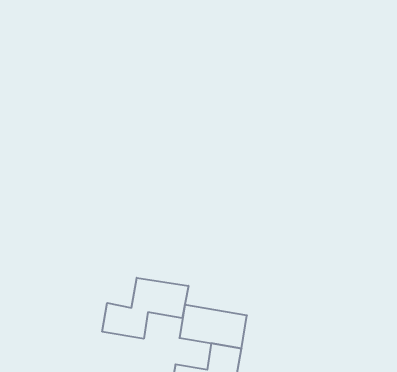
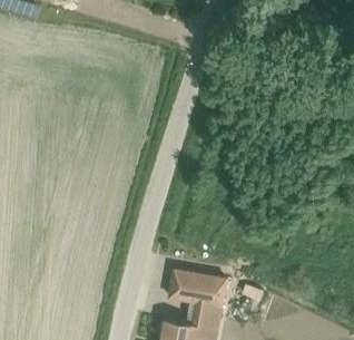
building: [102,278,188,339] -> none

